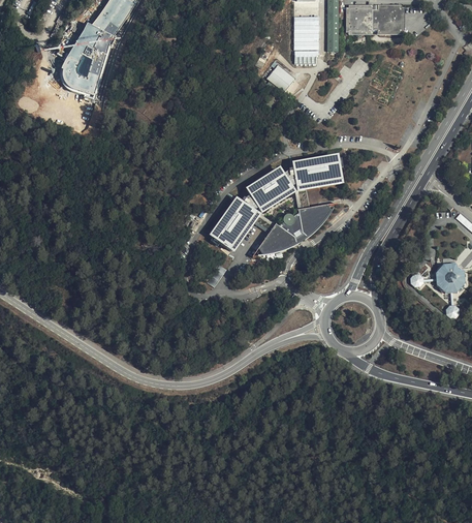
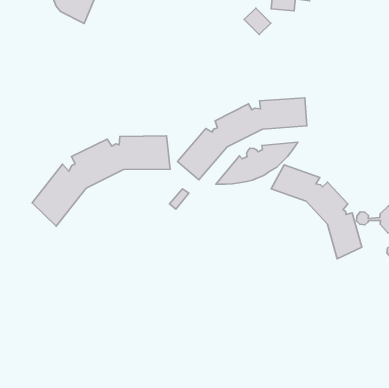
building: none -> [32,136,170,226]
building: none -> [271,165,362,259]

